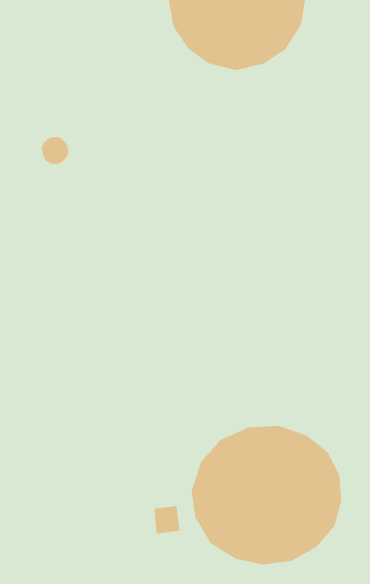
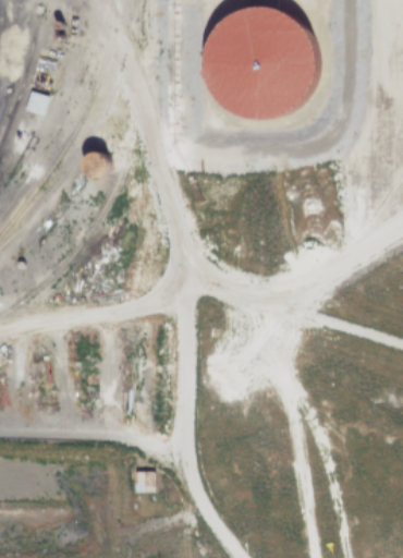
building: [191,425,342,565] -> none

